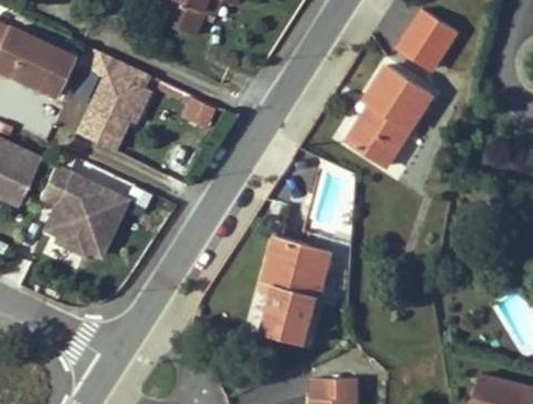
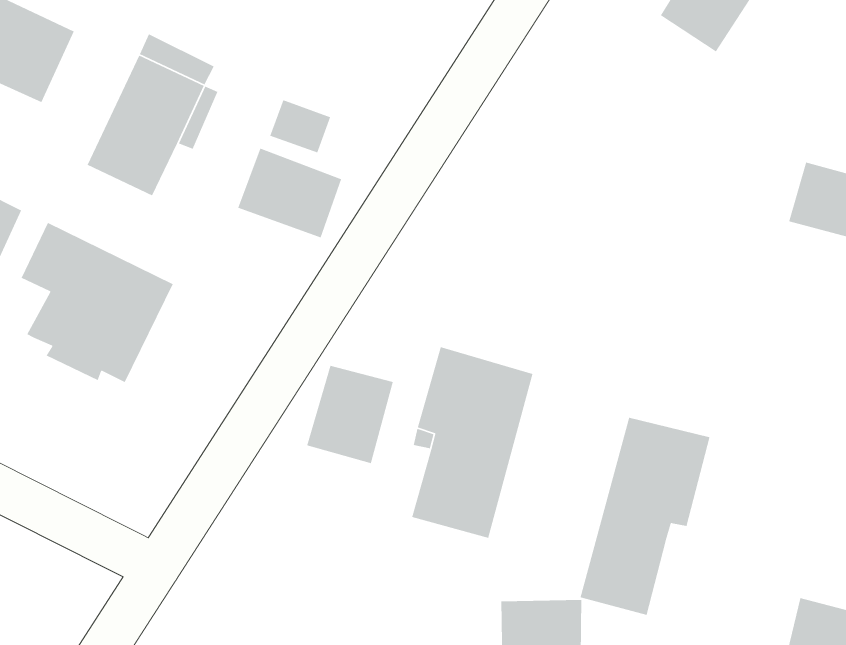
building: [347,65,433,167] -> none
building: none -> [237,148,342,238]
building: none -> [306,365,394,464]
building: none -> [579,417,711,616]

